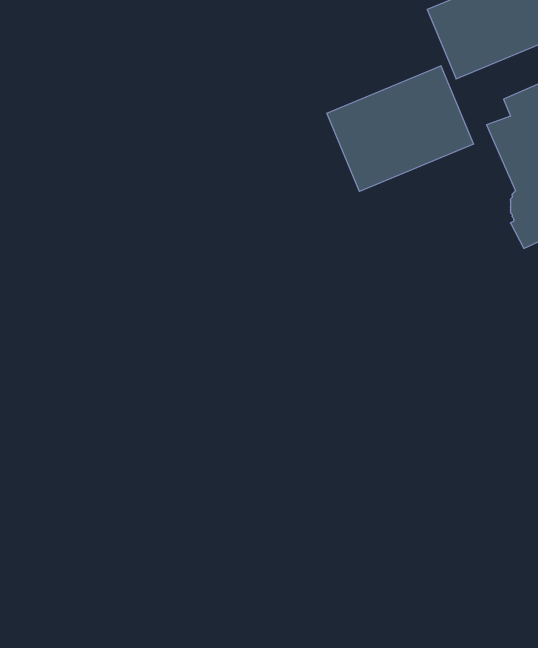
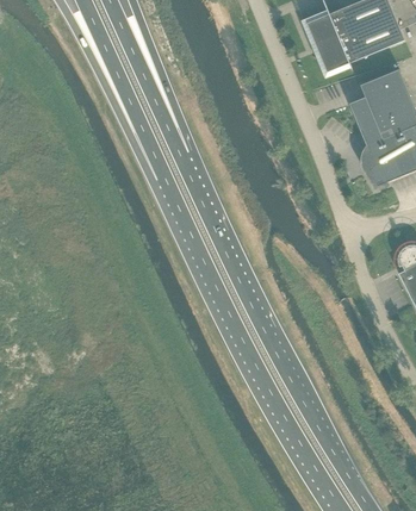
building: [327,66,474,191] -> none

